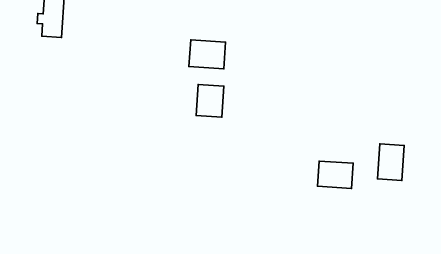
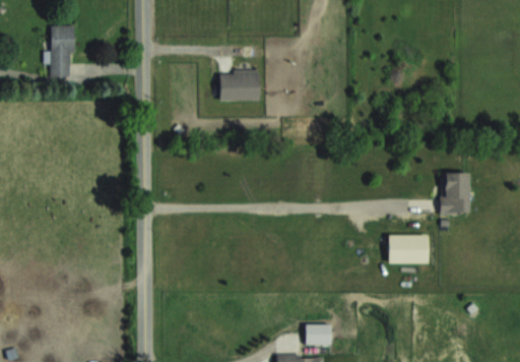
building: [196,84,224,117] -> none
building: [317,161,353,188] -> [389,235,428,263]

